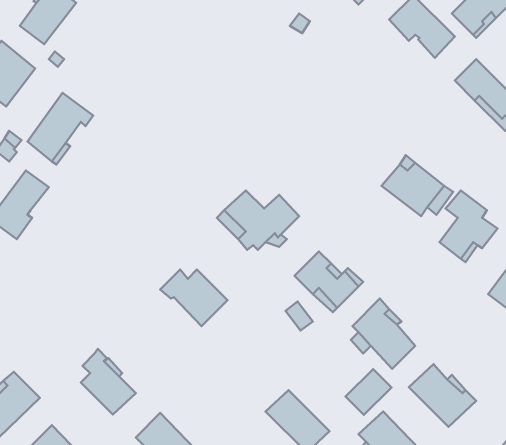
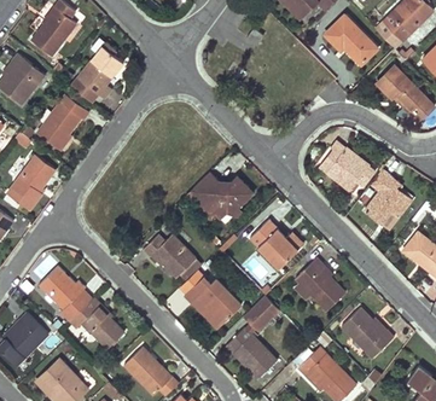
building: none -> [79,41,124,98]
building: none -> [37,265,92,318]
building: none -> [185,277,242,329]
building: [346,369,391,415] -> [243,295,279,331]

